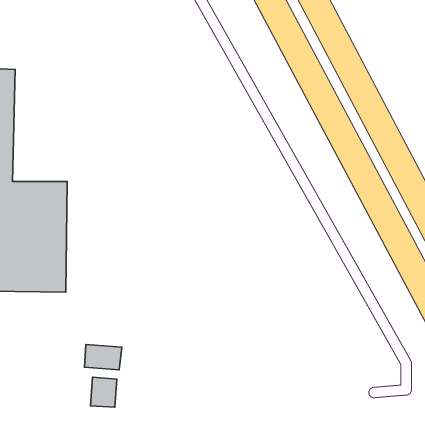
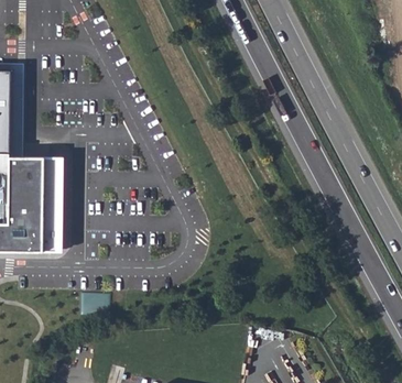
building: [90,377,117,407] -> none

